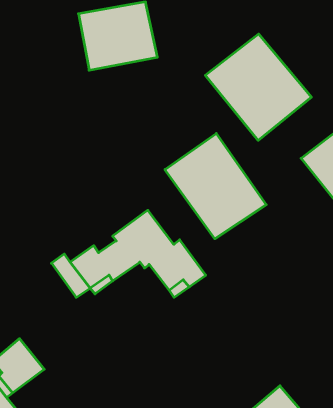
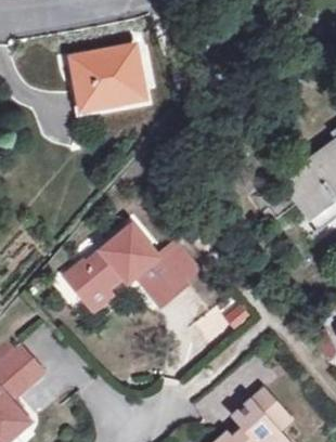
building: [205,34,311,140] -> none
building: [165,133,266,239] -> none

